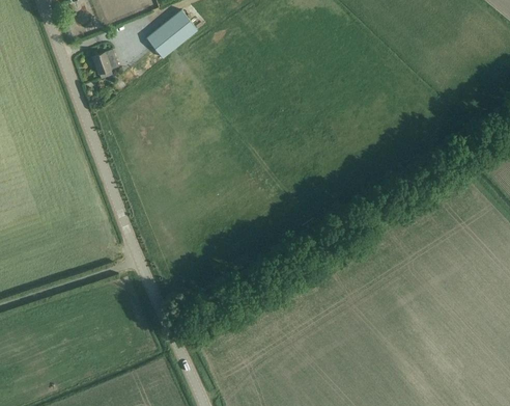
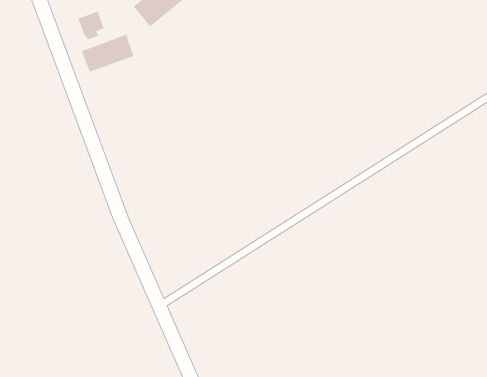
building: none -> [81,34,134,73]

